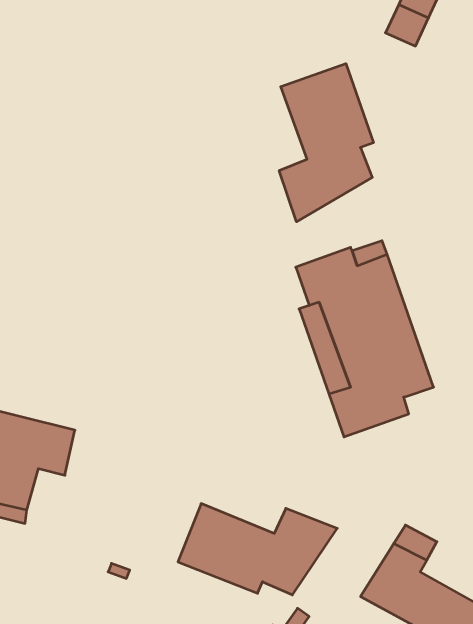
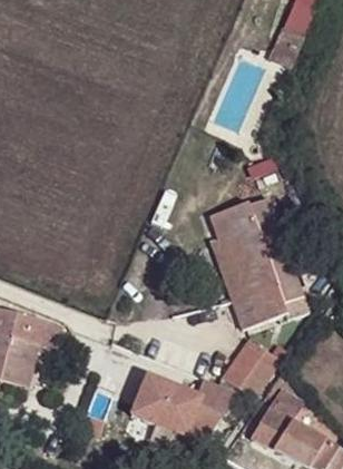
building: [279,64,373,222] -> none
building: none -> [224,340,281,398]

